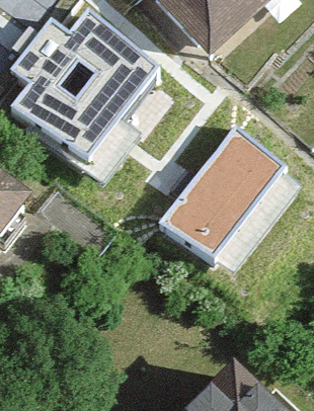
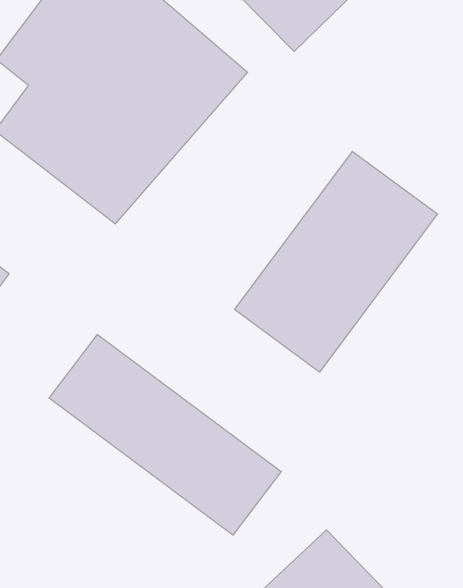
building: none -> [49,335,281,535]

